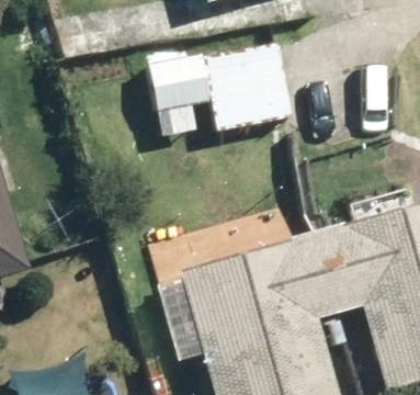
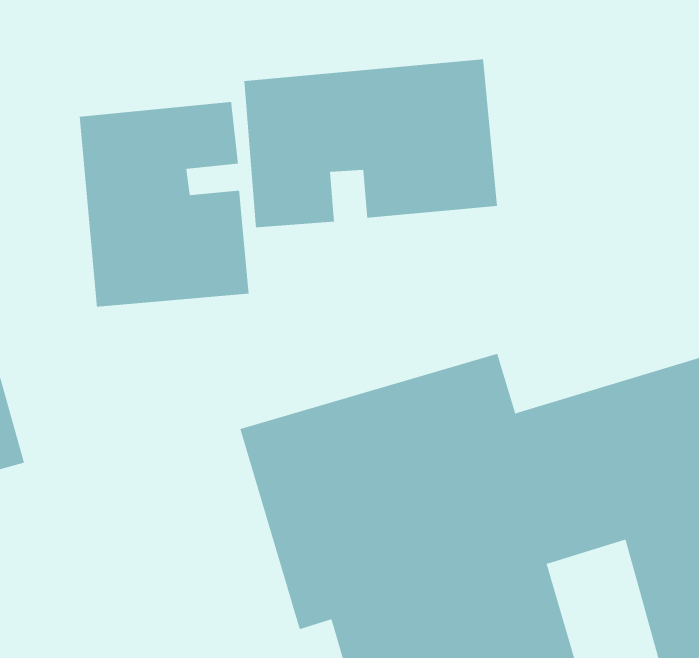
building: none -> [79,101,249,308]

